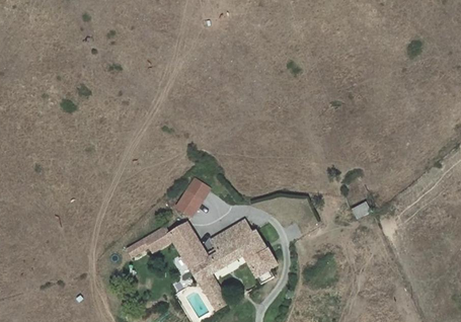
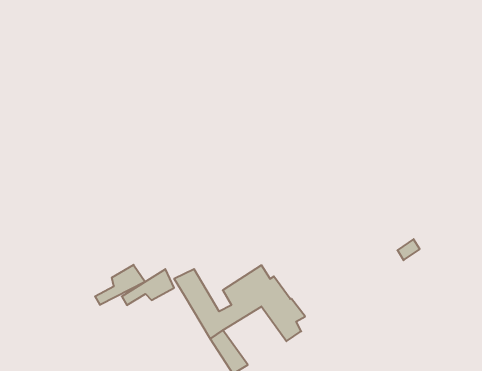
building: [175,176,210,215] -> none
building: none -> [95,265,145,305]

